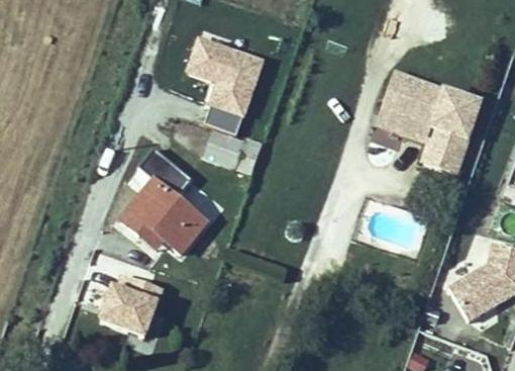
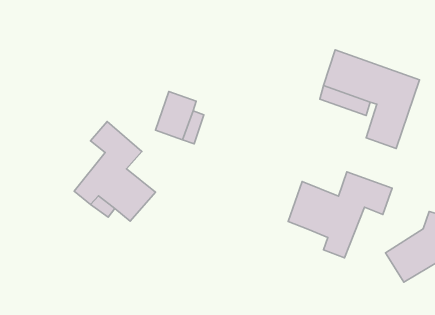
building: [181,33,265,119] -> none
building: none -> [288,172,392,258]
building: [98,271,164,339] -> none

